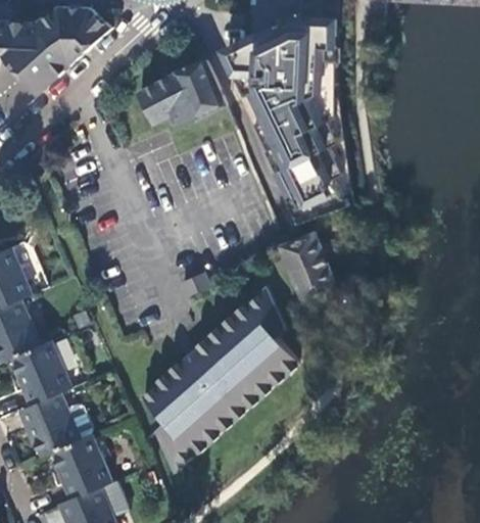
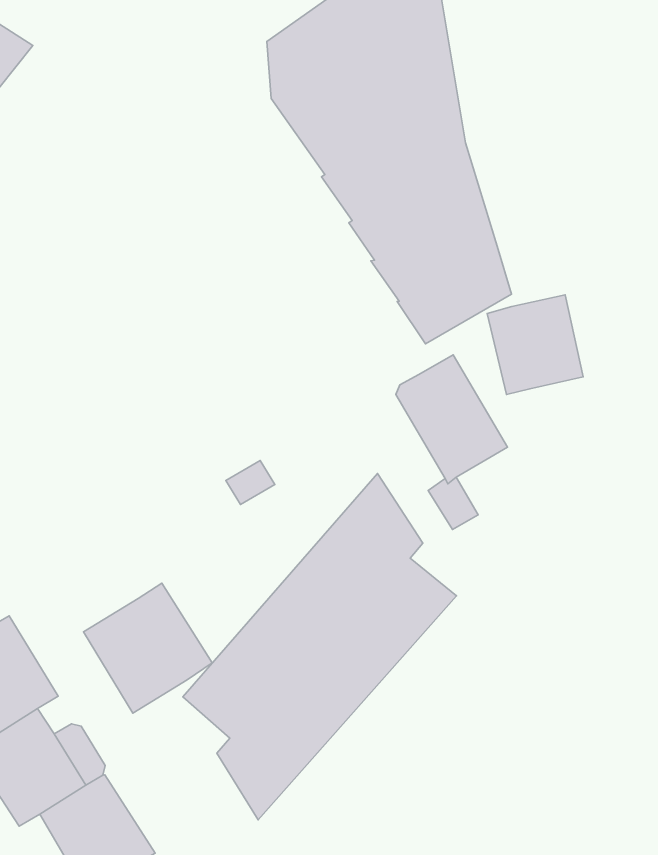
building: [135,56,228,128] -> none
building: none -> [487,295,583,394]
building: none -> [84,583,212,713]

